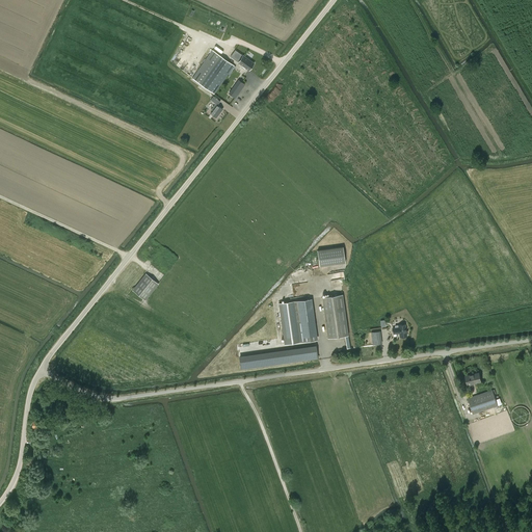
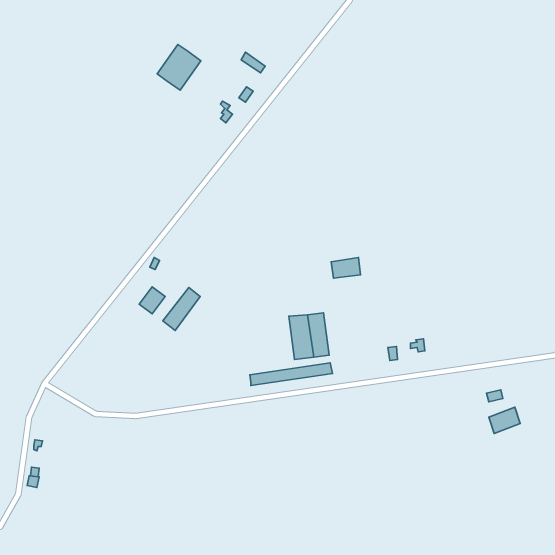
building: [192,50,234,94] -> [157,45,201,90]
building: none -> [163,288,200,330]
building: [322,294,348,339] -> none

